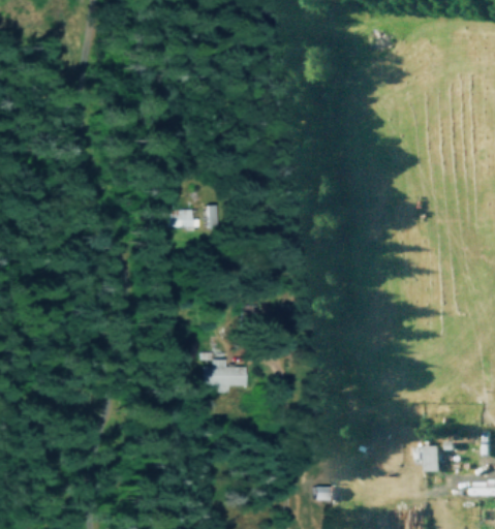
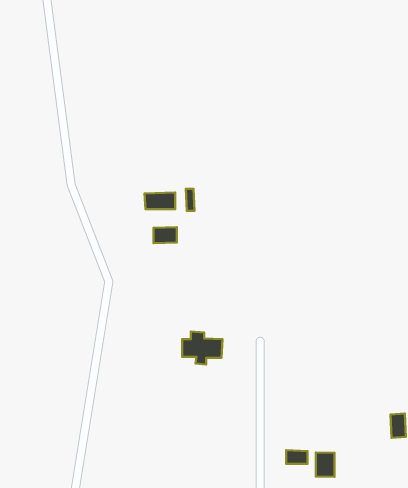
building: none -> [153,227,177,243]
building: none -> [316,453,334,477]

